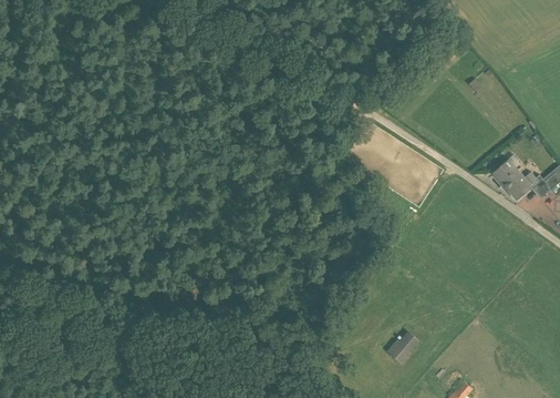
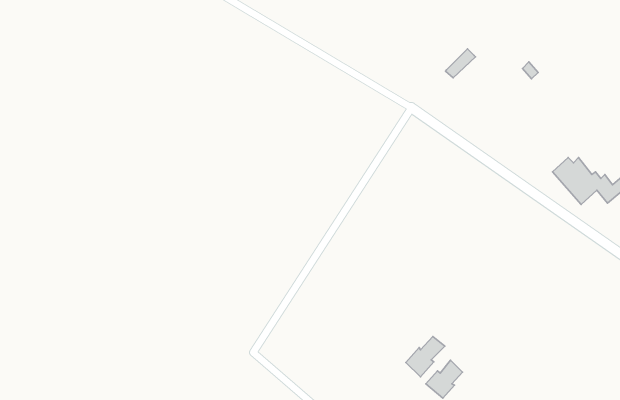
building: none -> [406,337,445,377]

